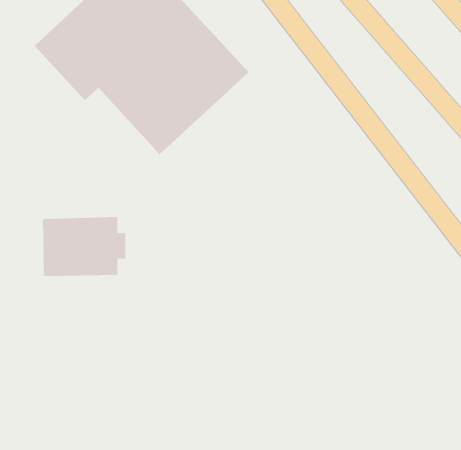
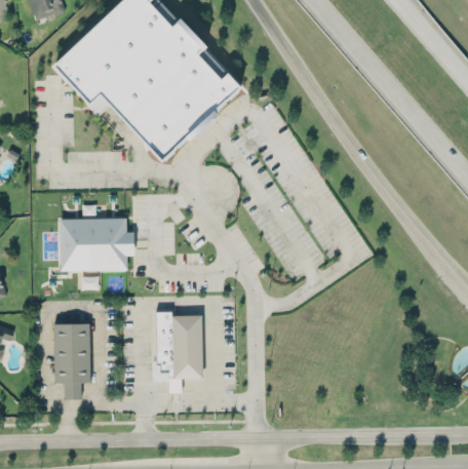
building: none -> [150,310,196,391]
building: none -> [52,322,90,398]

